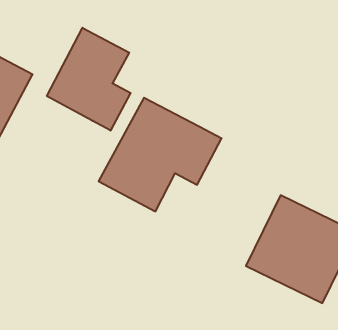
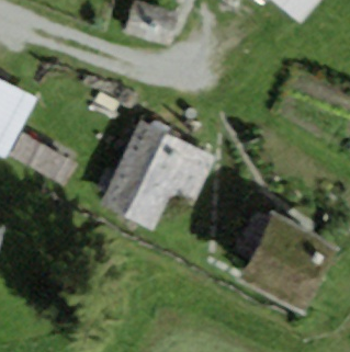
building: [47,28,131,131] -> none

